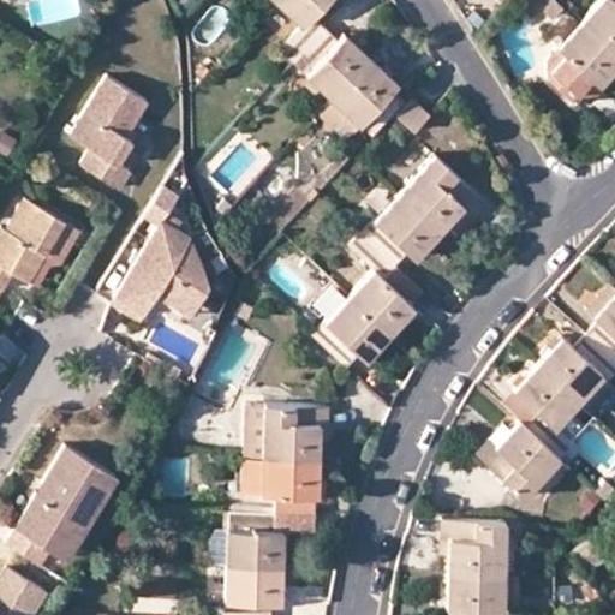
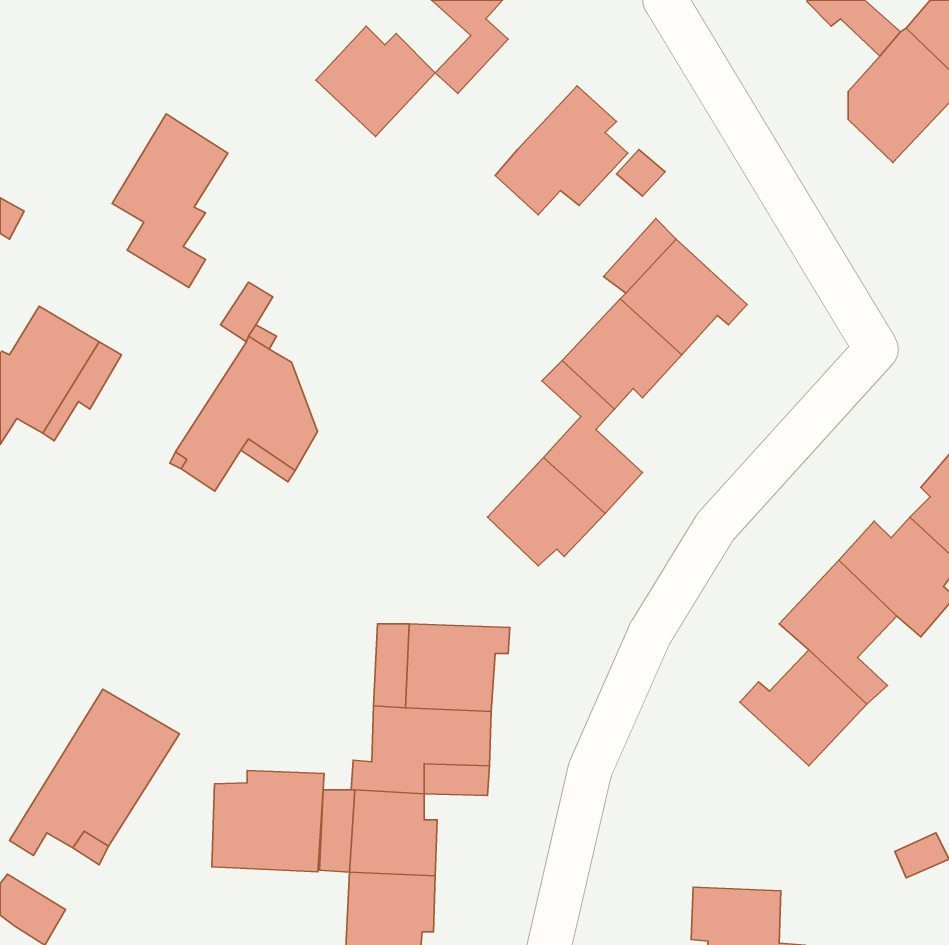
building: [298,31,375,102] -> [316,26,435,136]
building: none -> [212,770,324,872]
building: [441,523,507,579] -> none

